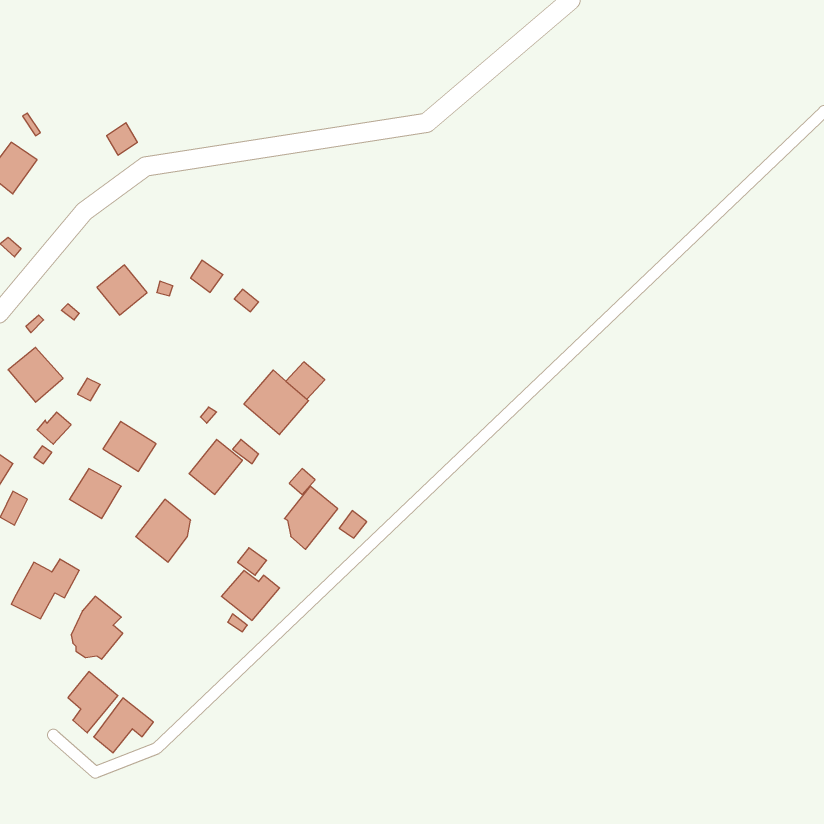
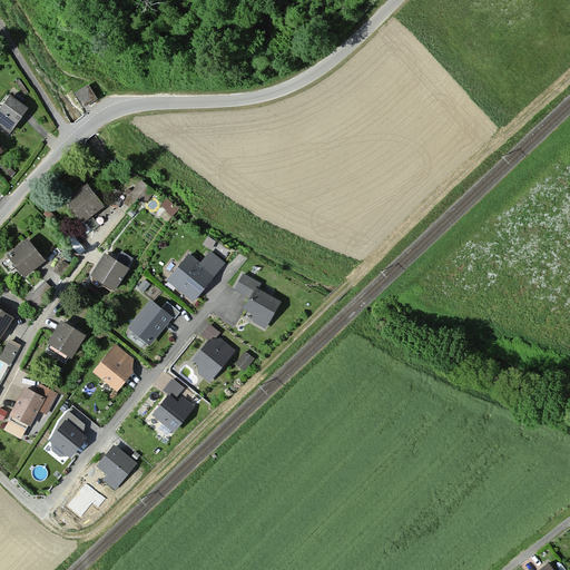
building: none -> [234,274,276,325]
building: [103,421,156,471] -> [90,256,127,291]
building: [68,672,118,733] -> [99,448,134,490]

